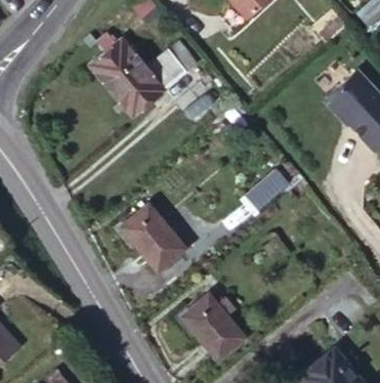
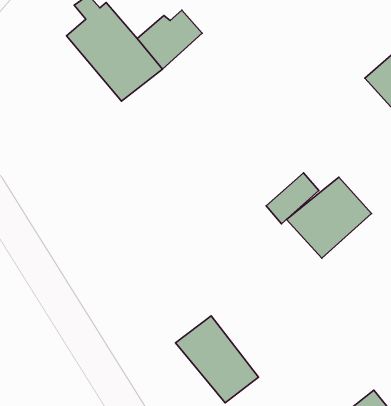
building: none -> [286,177,371,258]
building: [117,203,179,267] -> none

